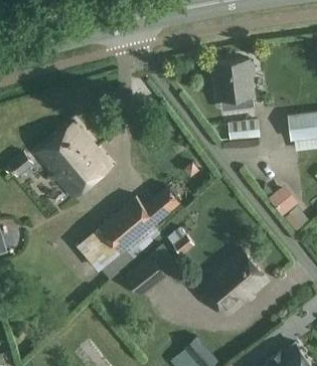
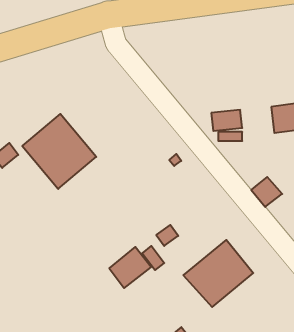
building: [215,60,254,109] -> none
building: [76,186,181,271] -> none

